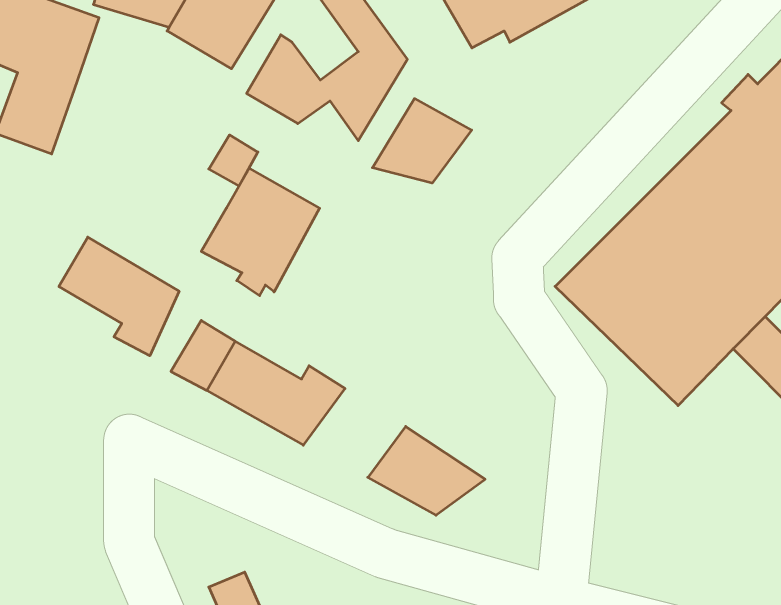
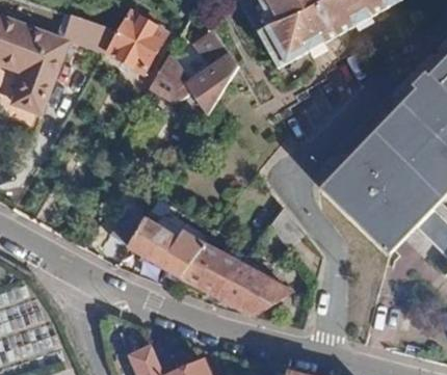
building: [372,99,472,183] -> none
building: [201,168,320,296] -> none
building: [59,237,179,356] -> none
building: none -> [182,244,245,293]

